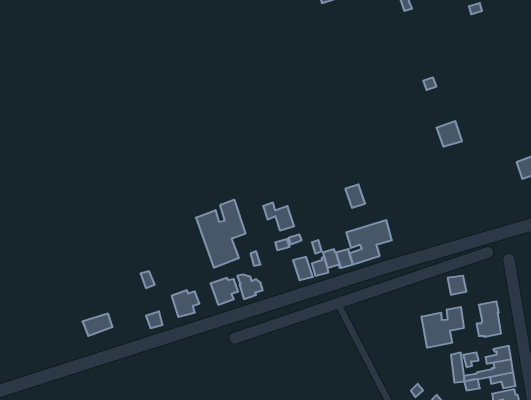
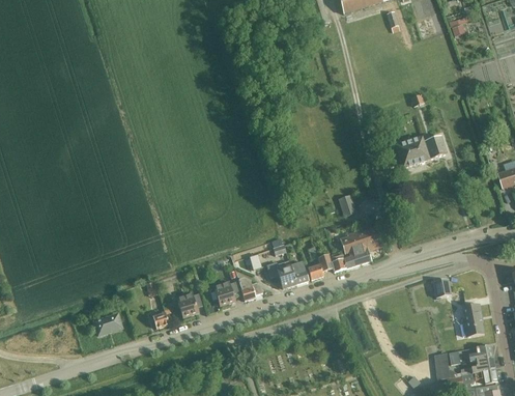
building: none -> [395,137,429,168]
building: [196,200,245,268] -> none
building: [263,203,294,230] -> [266,261,295,287]
building: [421,307,464,348] -> none

